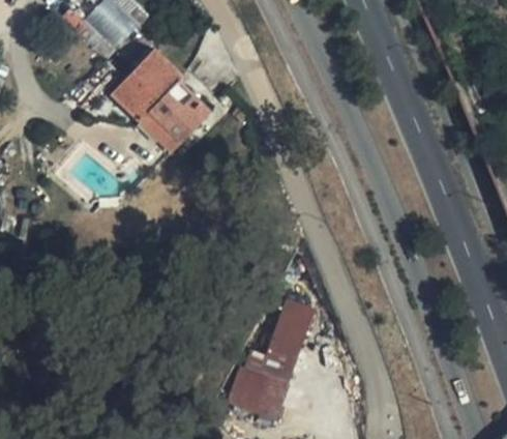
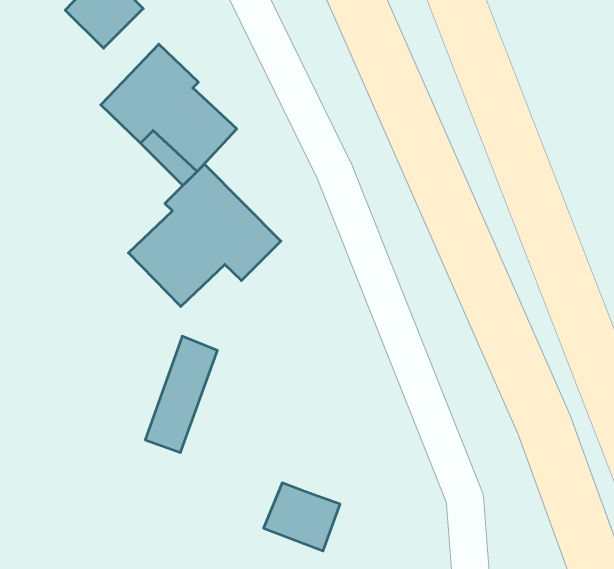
building: none -> [128,164,281,307]
building: [260,299,312,384] -> [145,336,217,452]

